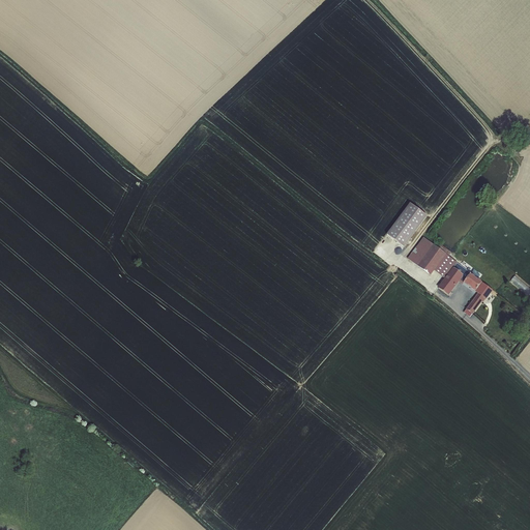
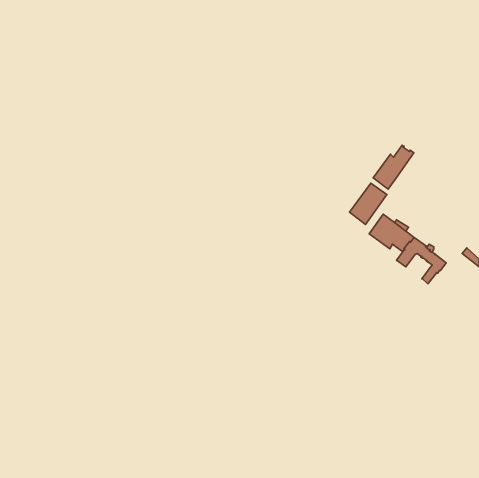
building: none -> [373,145,414,189]

